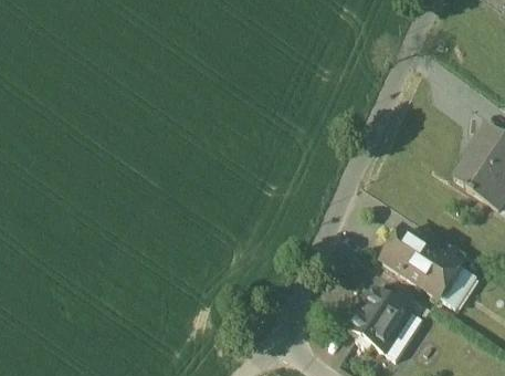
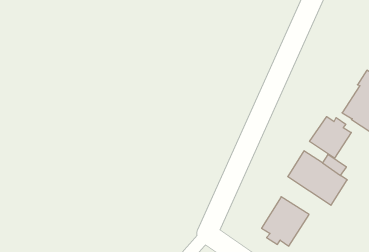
building: none -> [310,117,351,158]

